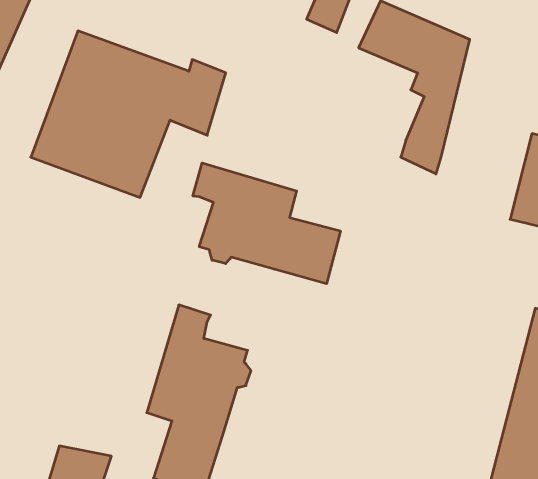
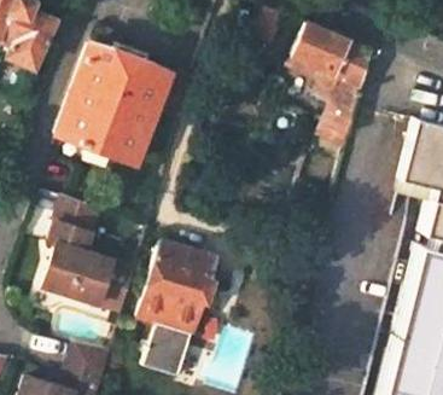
building: [193,163,340,284] -> none
building: none -> [41,193,136,310]

